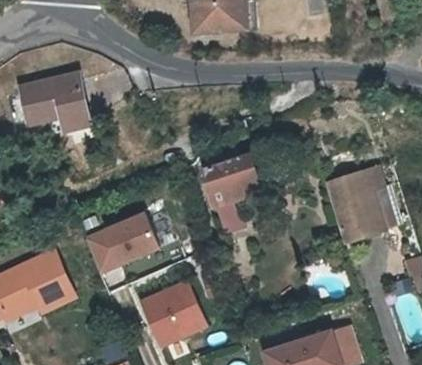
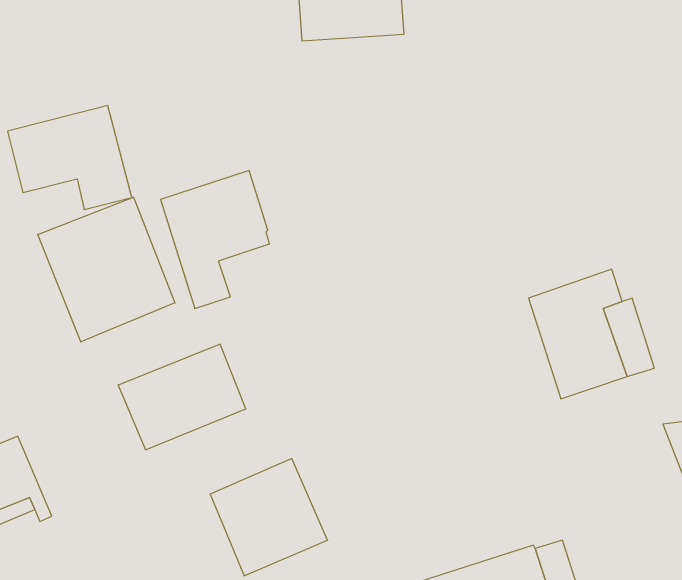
building: none -> [38,197,175,342]
building: [202,152,266,233] -> [161,171,270,309]
building: [25,254,73,313] -> none

